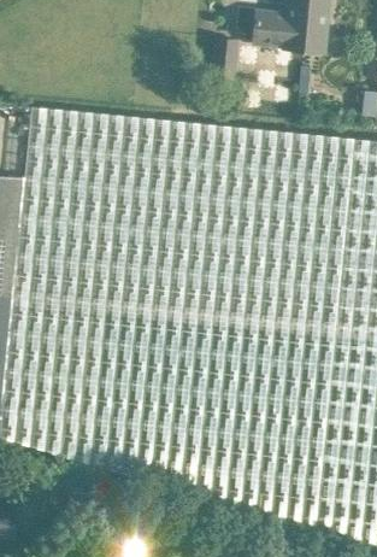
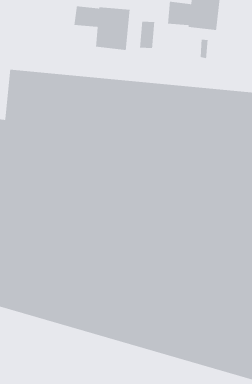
building: none -> [74,5,131,51]

